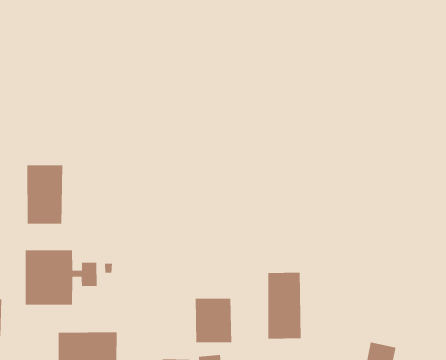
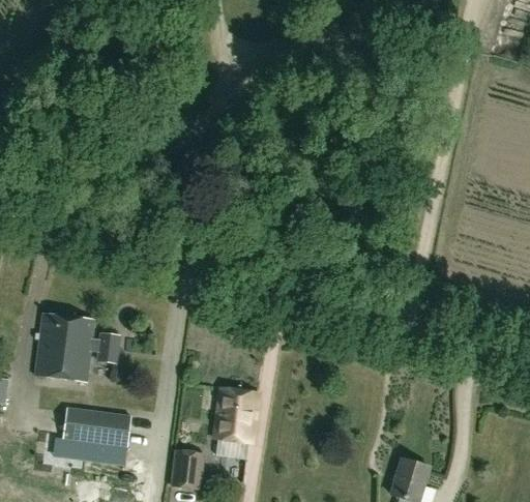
building: [27,164,63,225] -> none
building: [268,272,302,340] -> none

